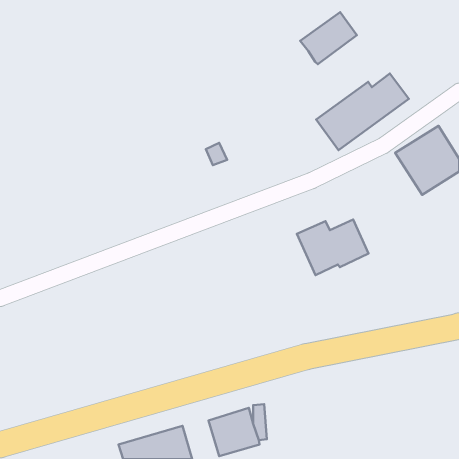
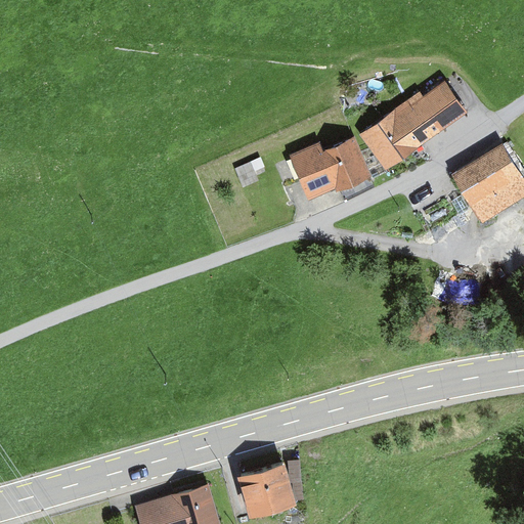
building: [300,12,357,64] -> none
building: [297,219,369,275] -> [288,138,369,202]

